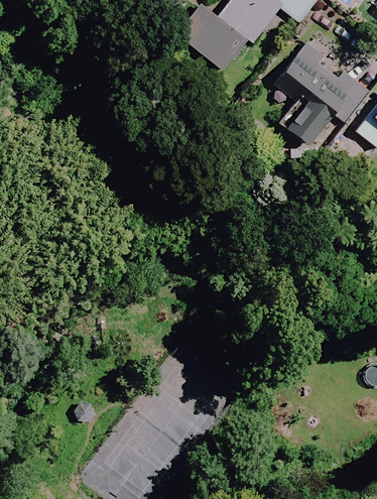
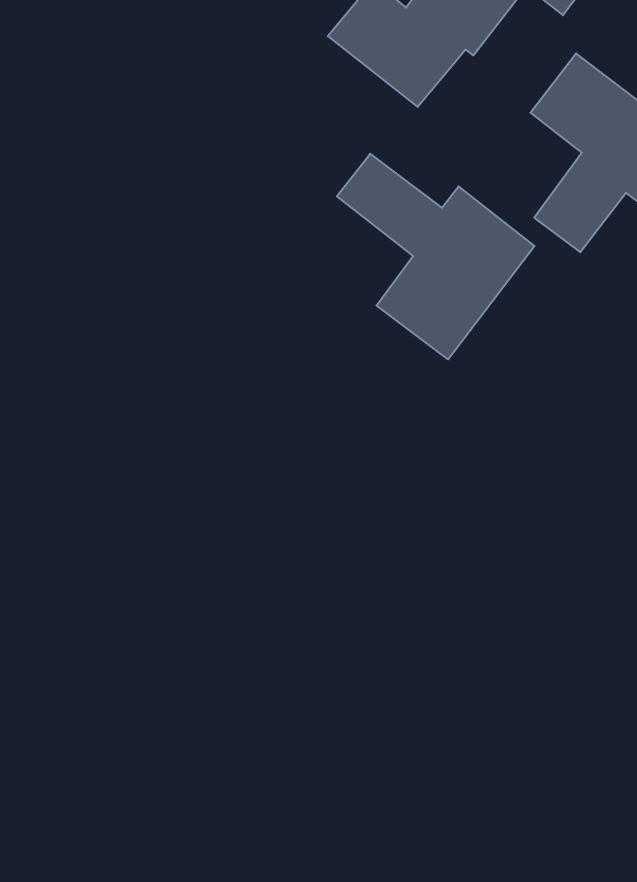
building: none -> [337,154,535,359]

